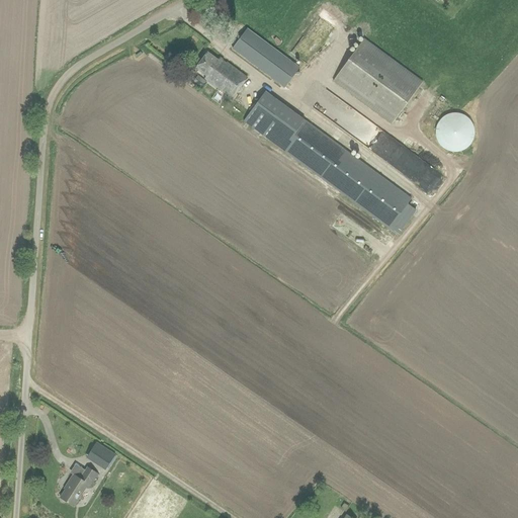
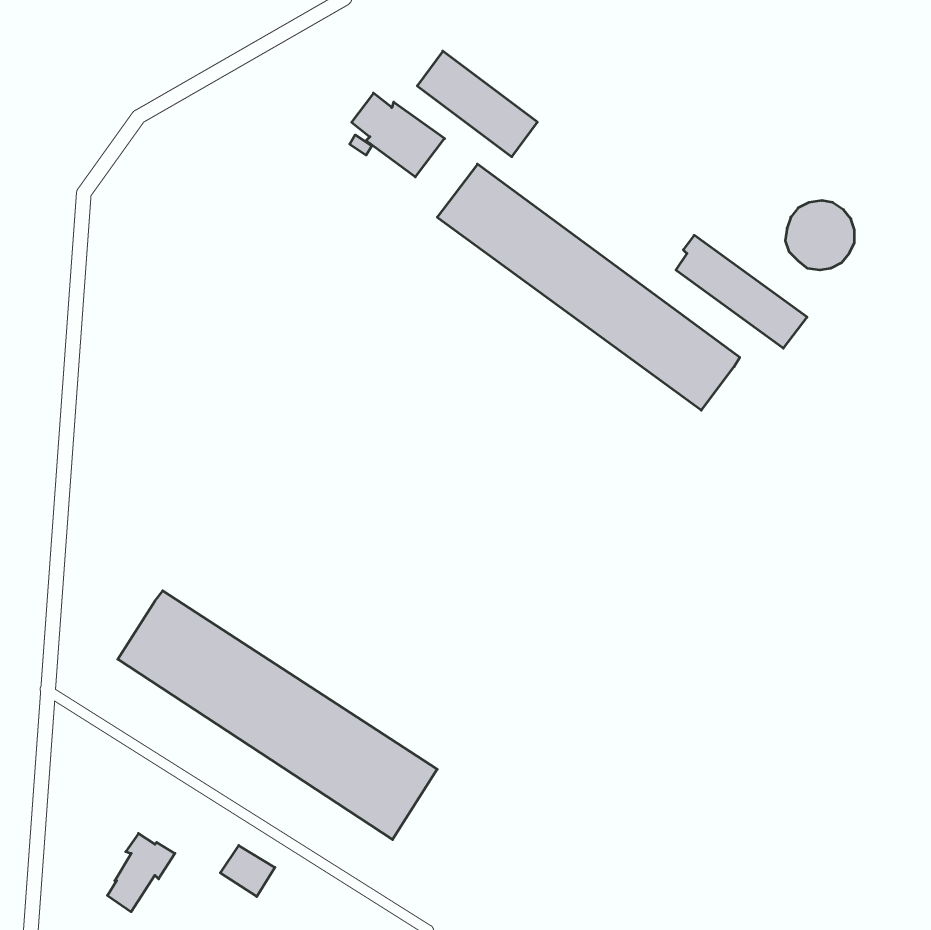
building: [333,38,422,123] -> none
building: none -> [118,591,437,840]
building: [88,440,118,468] -> [220,845,275,897]

